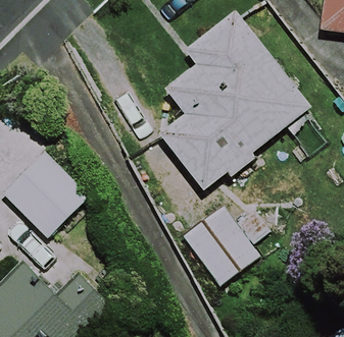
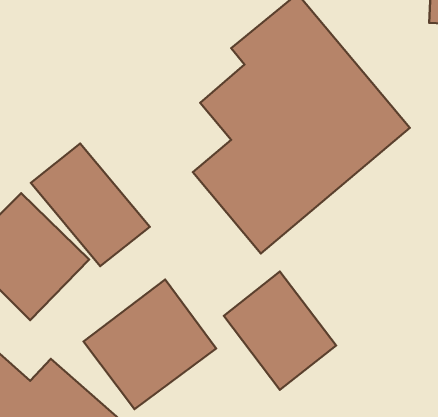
building: none -> [31,143,150,266]
building: none -> [83,280,216,409]

